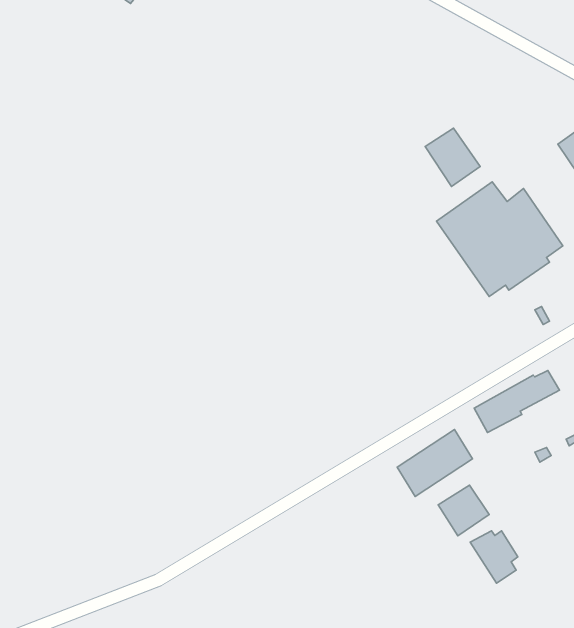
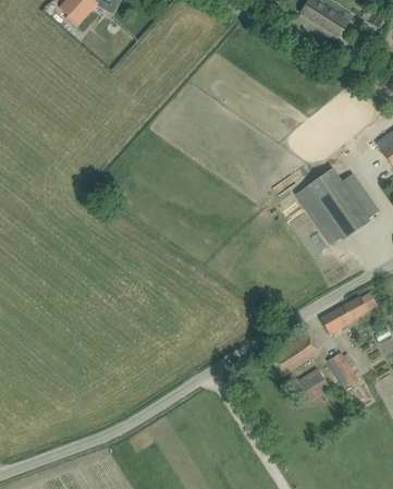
building: [425,128,480,186] -> none
building: [470,531,518,583] -> [326,353,357,388]

